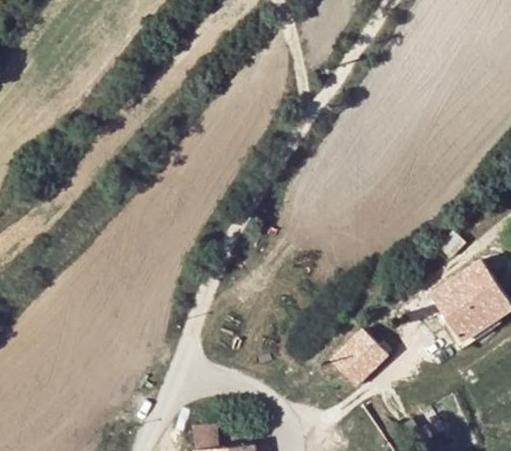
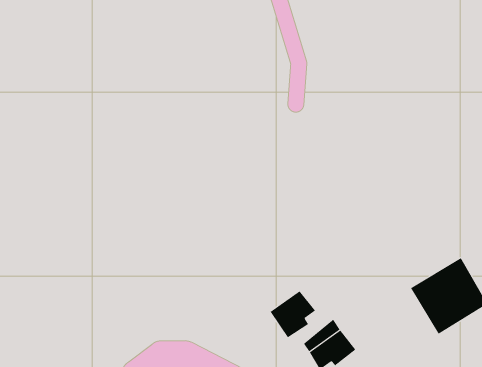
building: none -> [270,290,316,338]

